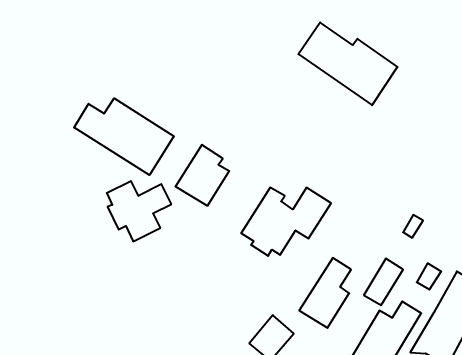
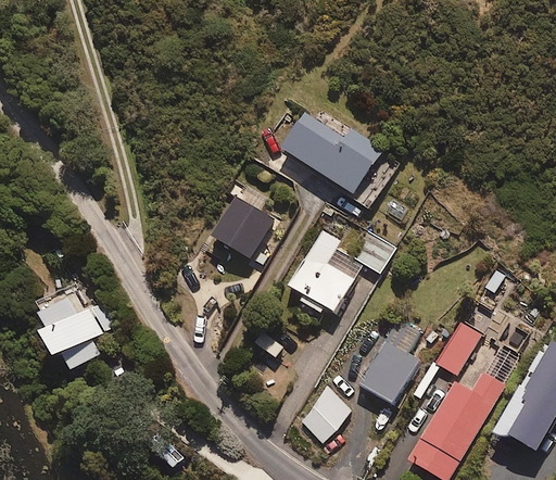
building: [298,22,398,105] -> [280,109,399,207]
building: [74,98,174,175] -> none
building: [107,181,171,241] -> [38,298,115,369]

